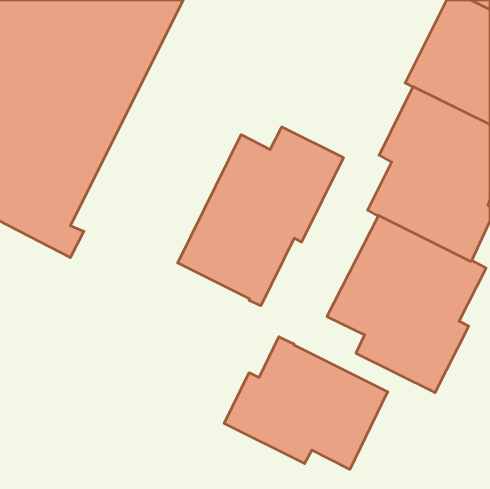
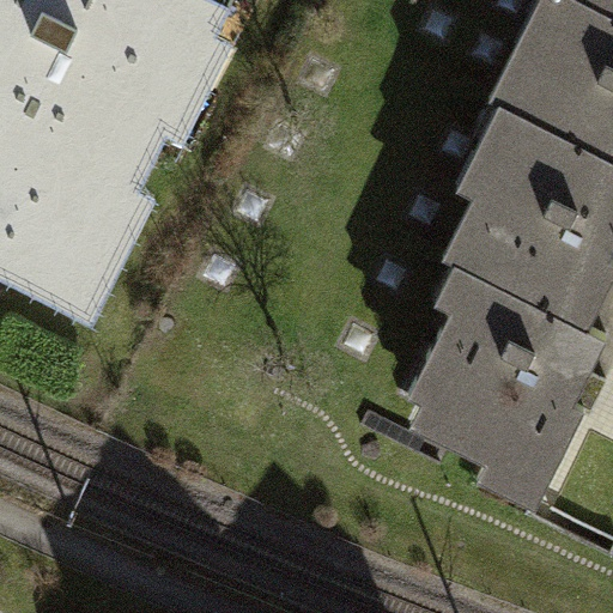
building: [178,127,343,306] -> none
building: [224,337,388,469] -> none

